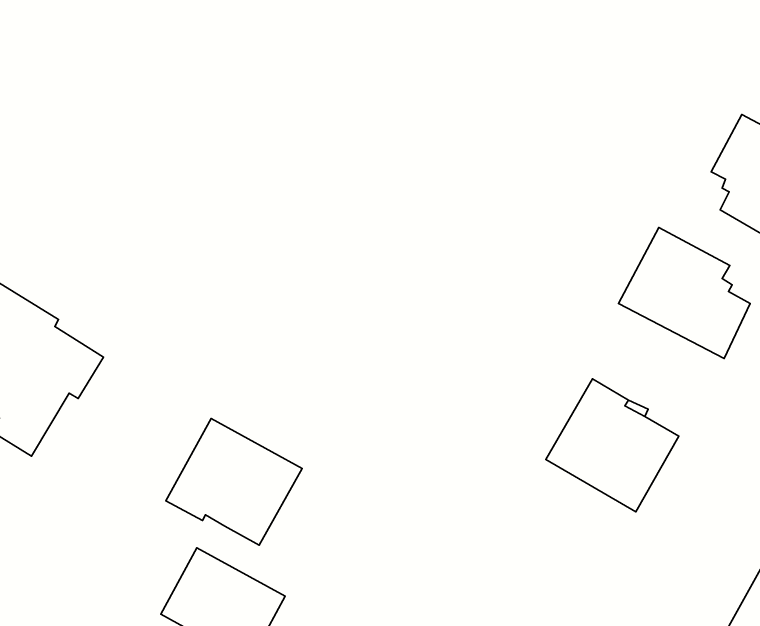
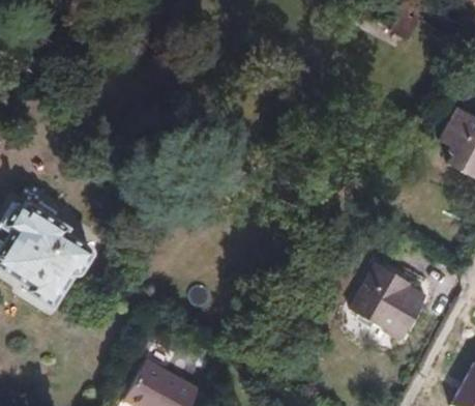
building: [618,228,750,358] -> none
building: [166,419,302,545] -> none

